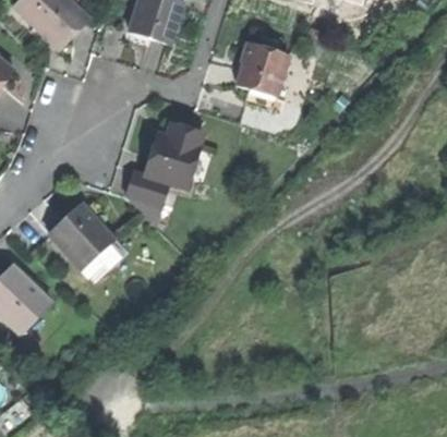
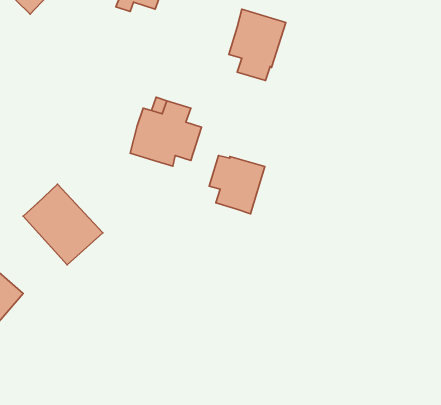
building: [128,170,169,205] -> none
building: none -> [209,155,265,214]

